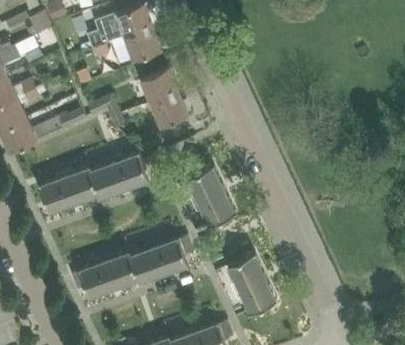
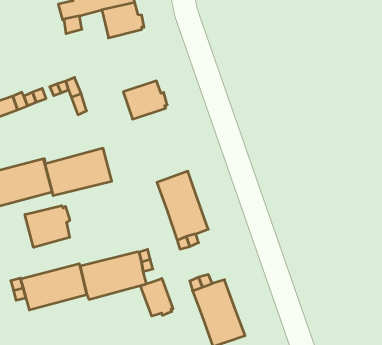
building: [141,70,177,105] -> none
building: none -> [25,206,70,247]
building: none -> [141,278,173,316]

